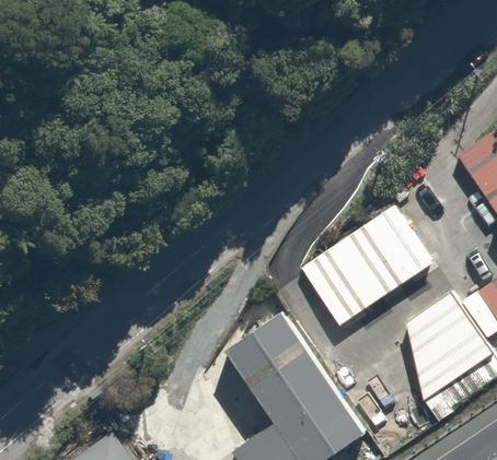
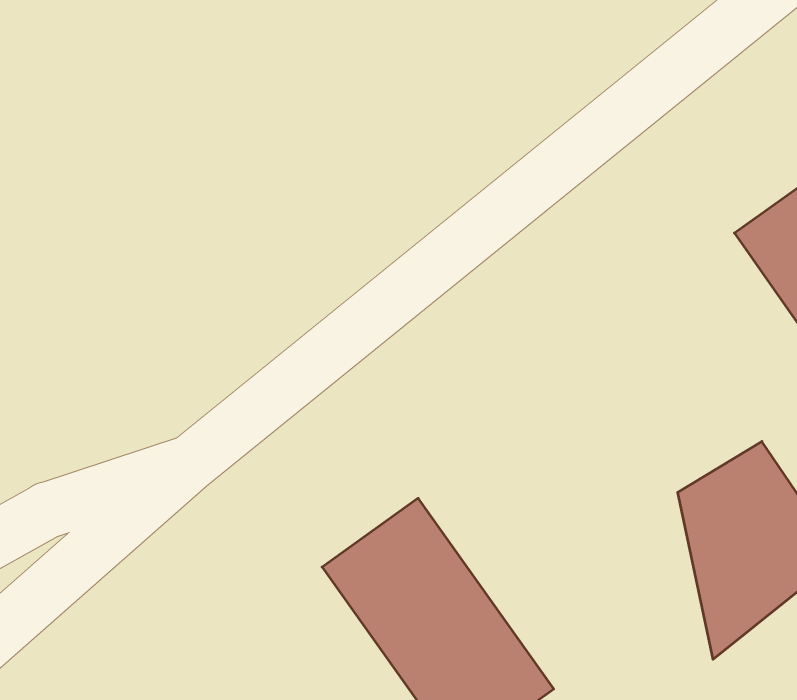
building: [291,211,421,330] -> none

